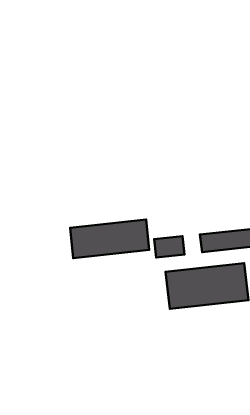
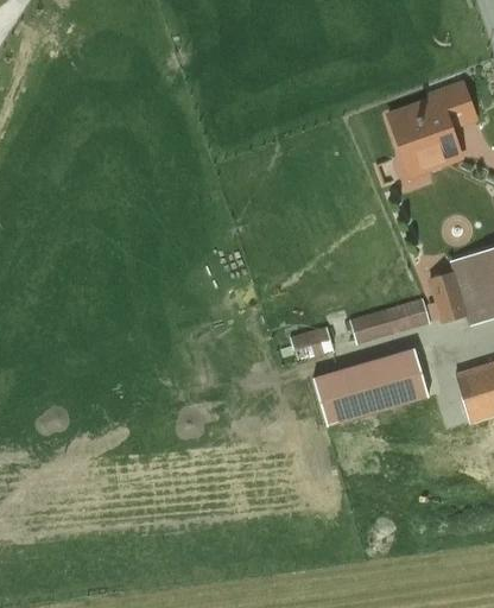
building: [70,220,149,258] -> none

